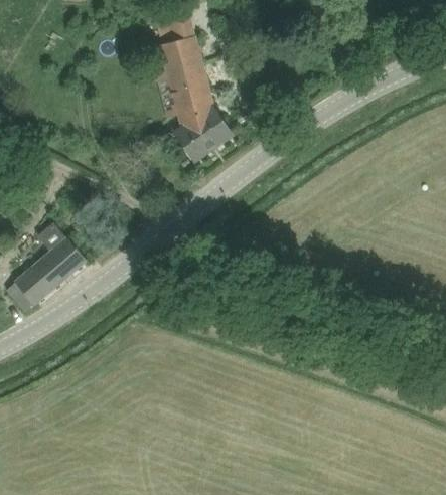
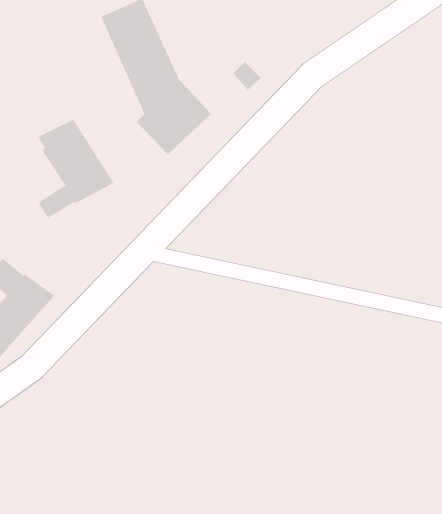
building: none -> [38,119,114,219]

